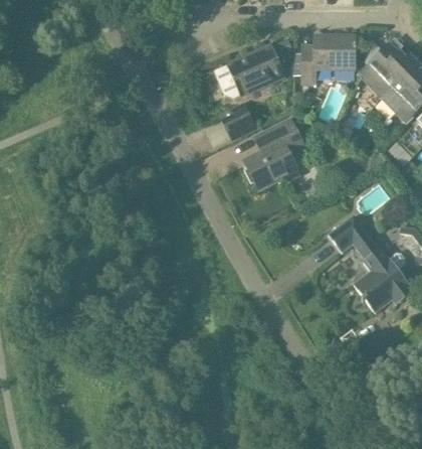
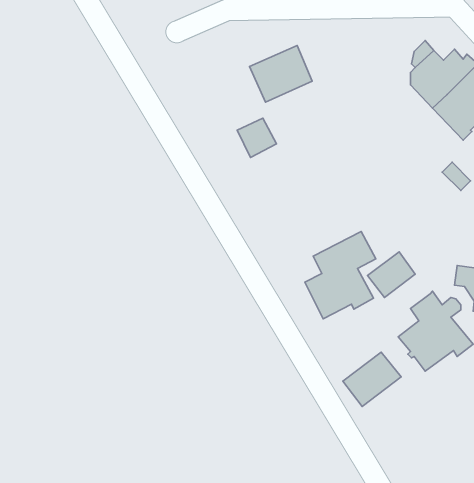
building: [301,34,355,82] -> none
building: [243,118,301,189] -> [305,232,376,319]
building: none -> [343,352,401,407]

